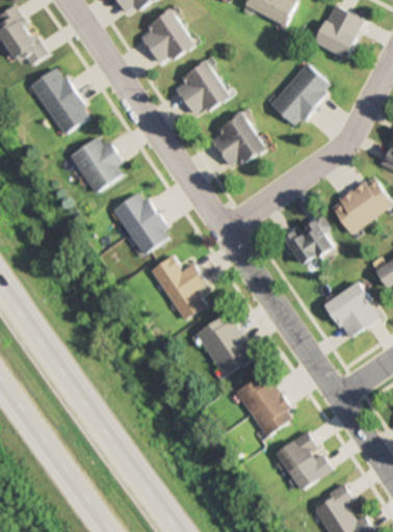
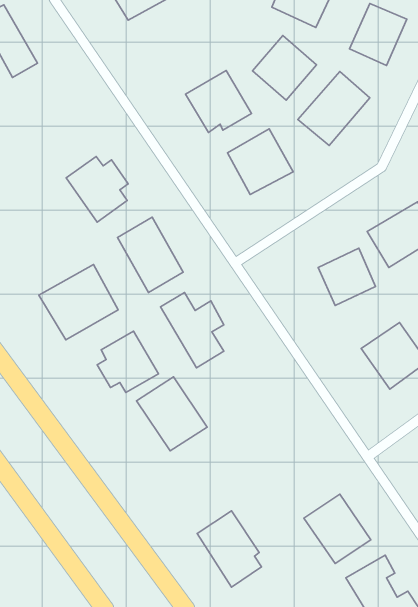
building: [135,7,194,66] -> none
building: none -> [253,35,317,100]
building: [28,65,88,135] -> none
building: none -> [39,264,118,340]
building: none -> [97,331,158,392]
building: [193,312,255,376] -> [137,377,207,451]
building: [235,370,291,436] -> [197,511,262,587]

